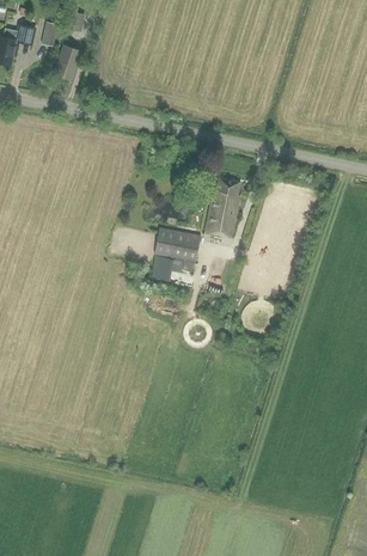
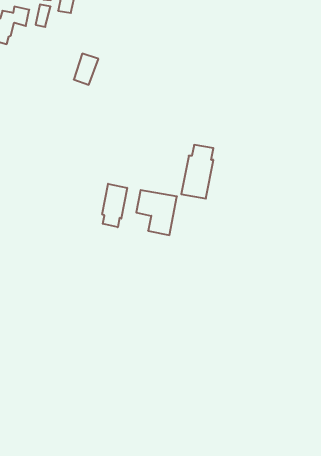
building: [54,44,81,79] -> [74,54,98,85]
building: none -> [102,184,127,227]

